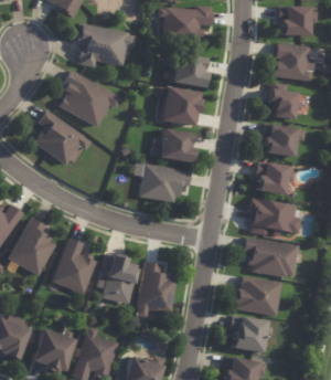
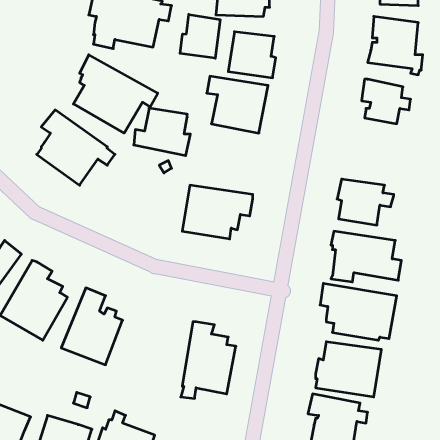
building: none -> [180,14,220,58]
building: [264,123,307,157] -> none
building: [152,128,193,162] -> [134,108,190,156]
building: [102,252,138,304] -> none

